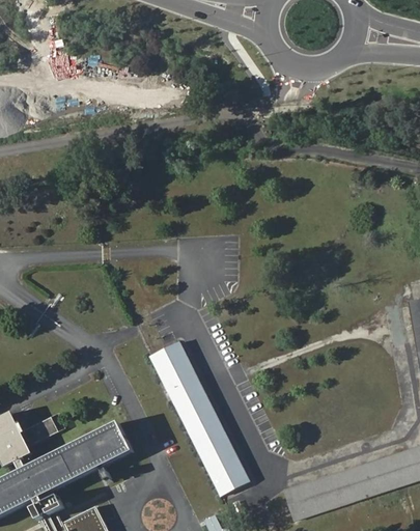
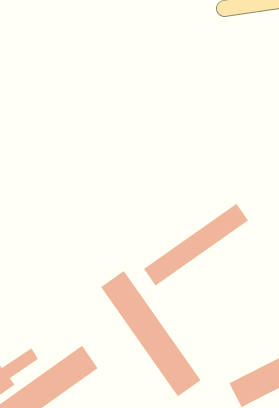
building: none -> [143,203,249,287]

